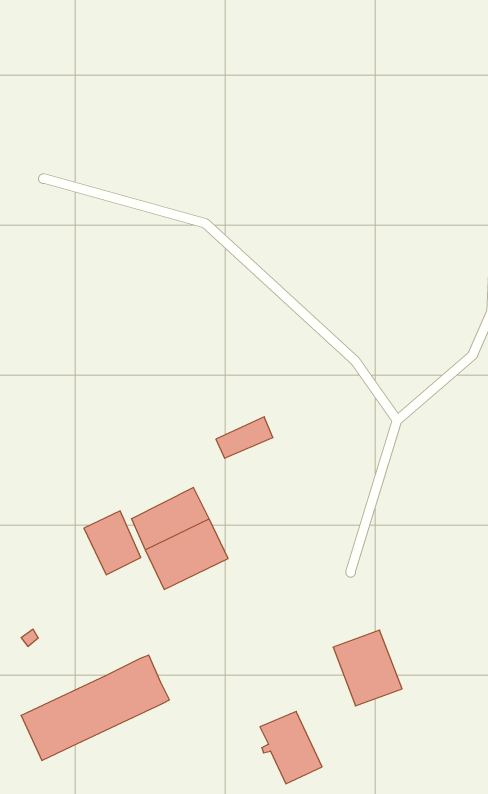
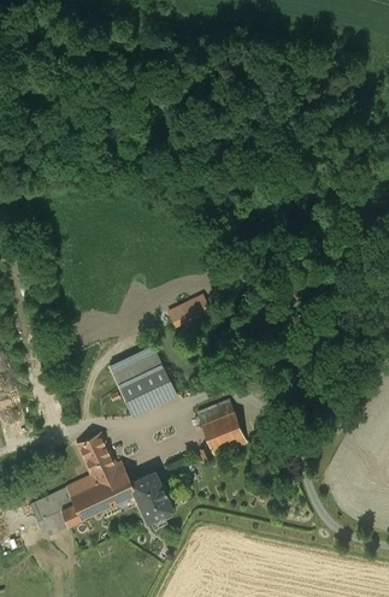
building: [84,511,141,575] -> [75,432,114,477]
building: [333,630,402,706] -> [196,401,244,454]
building: [260,711,322,784] -> [129,471,172,521]

